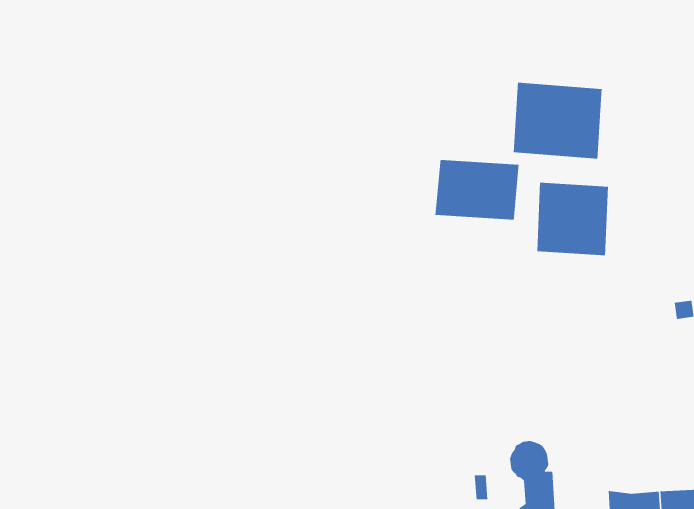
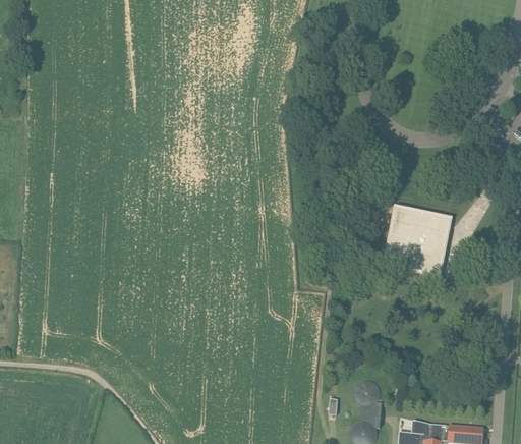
building: [513,82,602,160] -> none
building: [435,159,519,221] -> none

